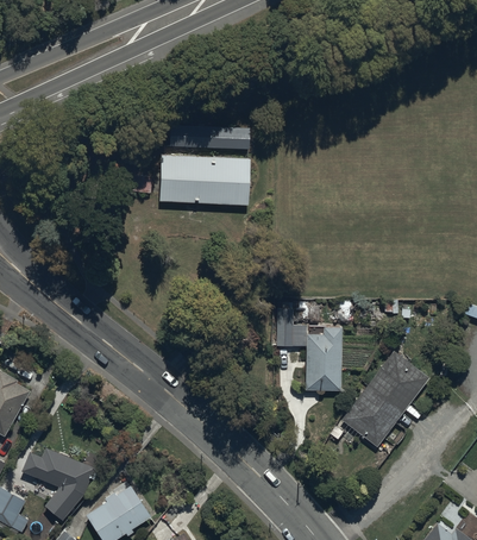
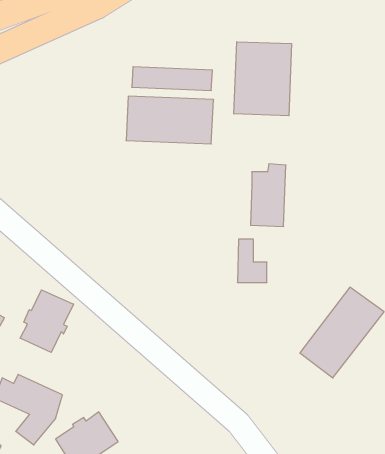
building: none -> [234,42,292,116]
building: [306,328,343,394] -> [251,164,286,226]
building: none -> [20,290,74,352]

